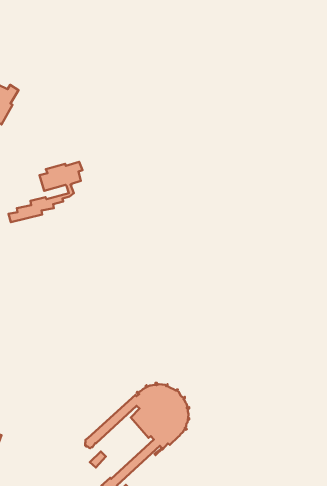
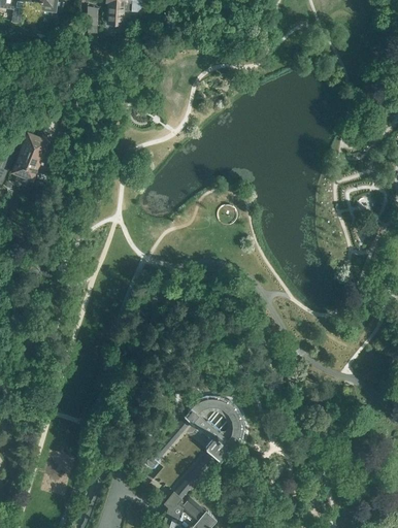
building: [9,162,83,222] -> none

